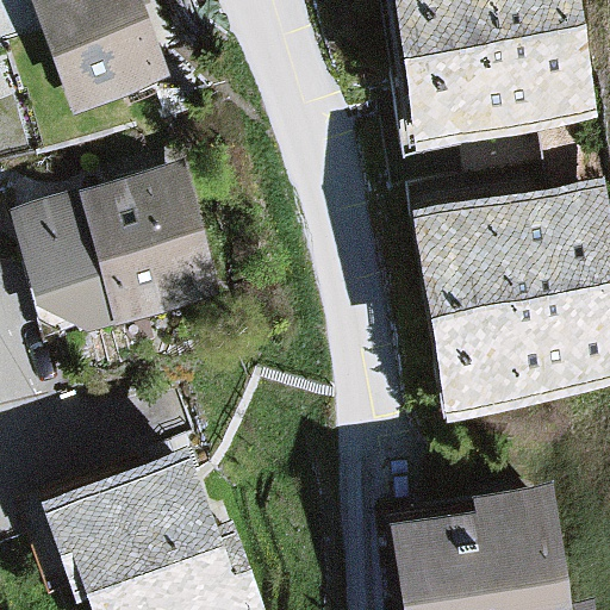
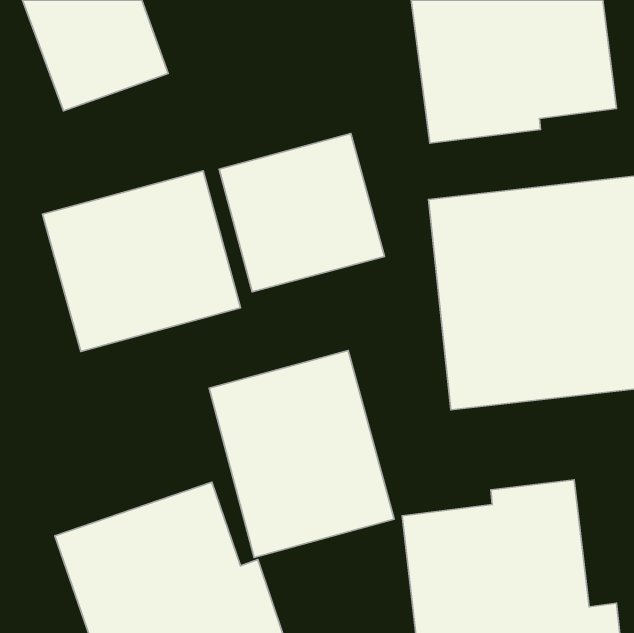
building: none -> [219,133,385,292]
building: none -> [209,350,394,558]

